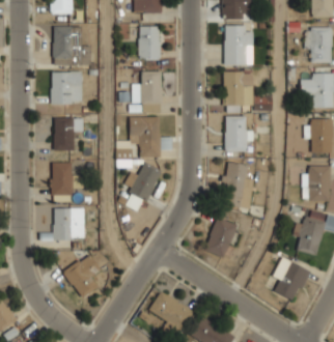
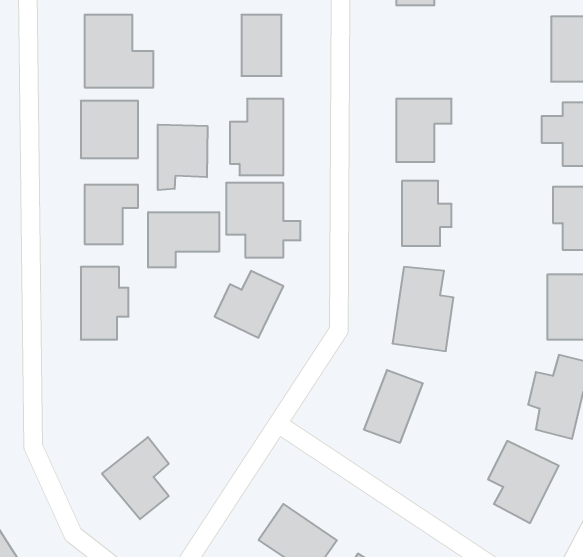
building: [225,25,253,64] -> none
building: none -> [158,124,207,190]
building: none -> [148,212,219,268]
building: [53,207,85,239] -> none

